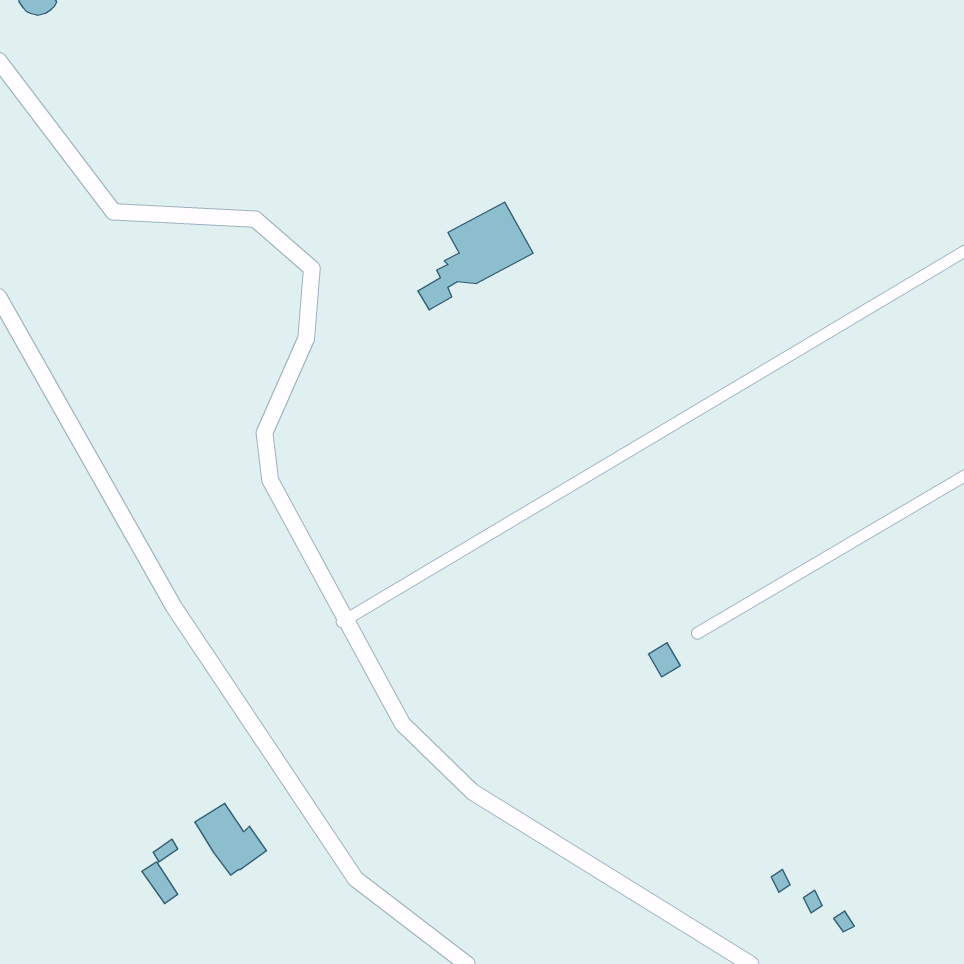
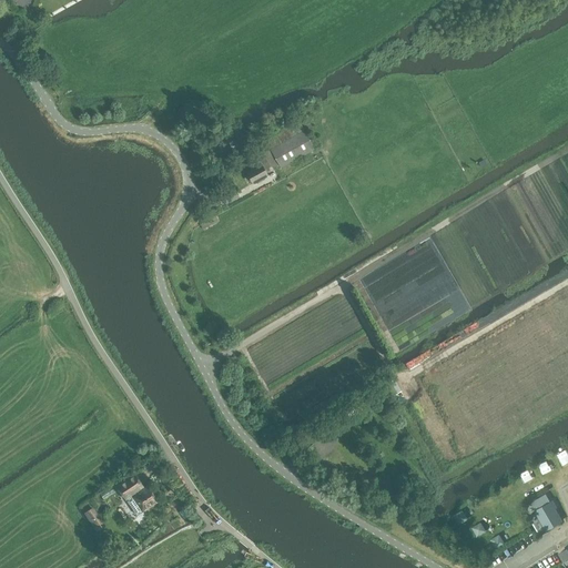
building: none -> [529,494,560,529]

